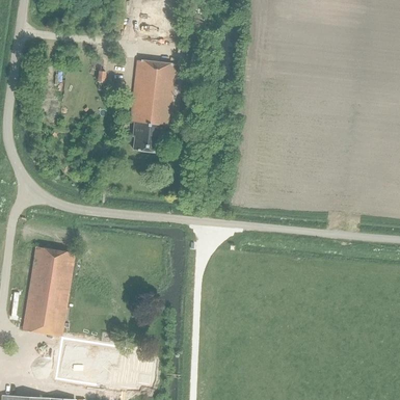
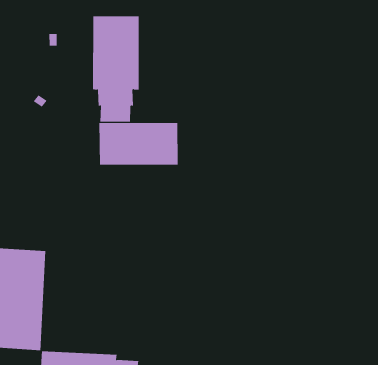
building: none -> [99,122,178,166]

